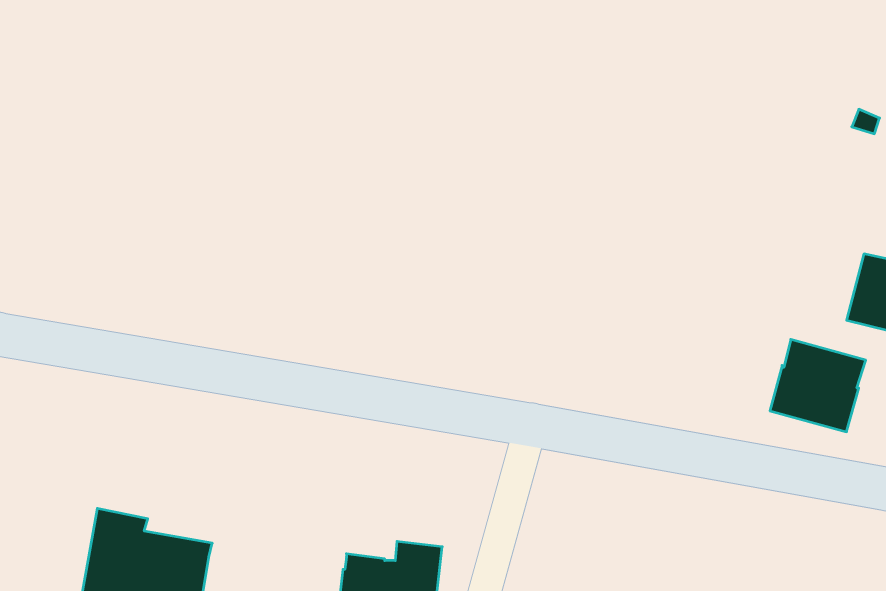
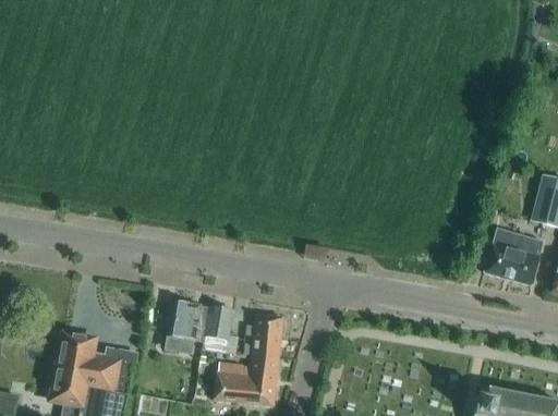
building: none -> [165,298,233,353]
building: none -> [244,314,283,357]

